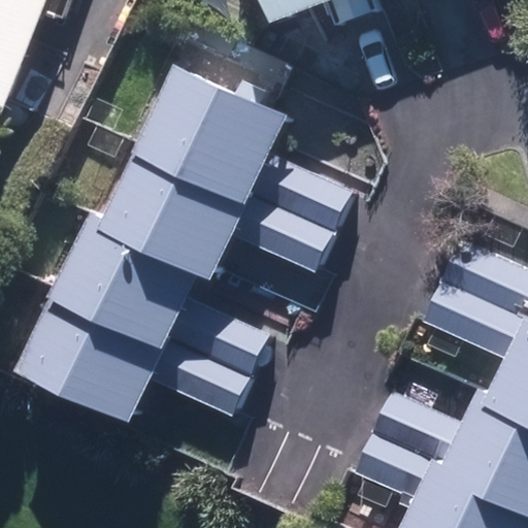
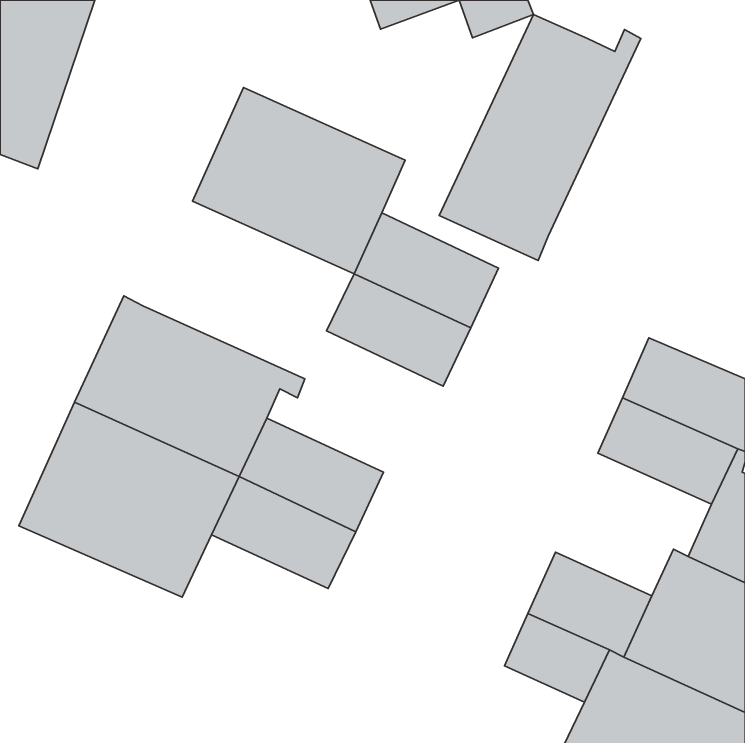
building: none -> [439,15,641,261]
building: [101,143,251,269] -> none

